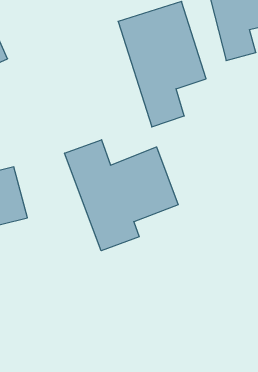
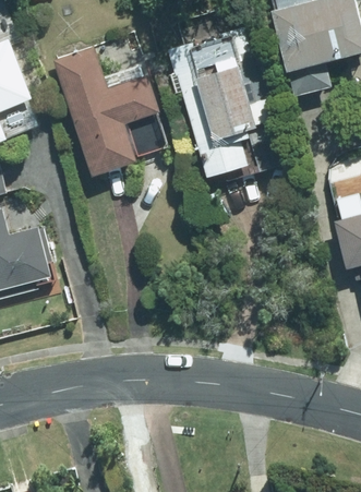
building: none -> [51,47,158,172]
building: [65,140,178,251] -> none

